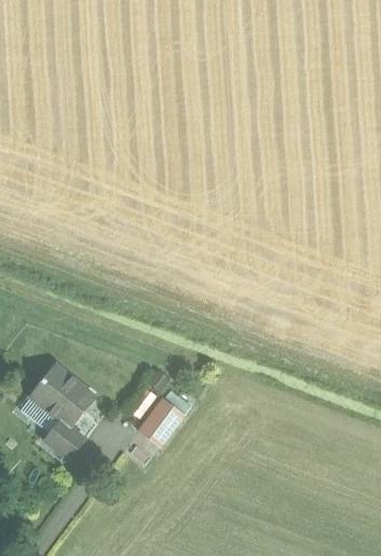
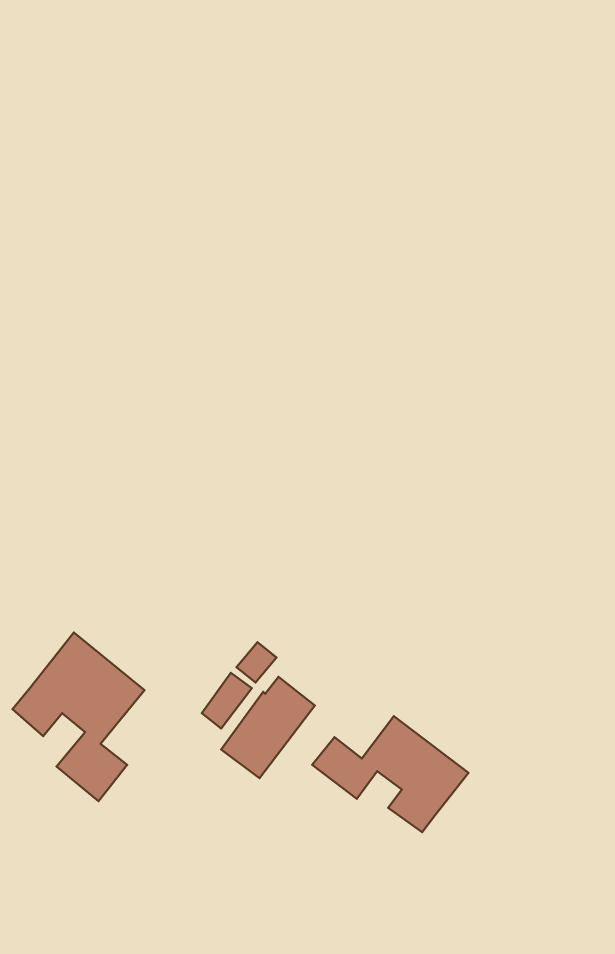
building: none -> [312,716,468,832]

